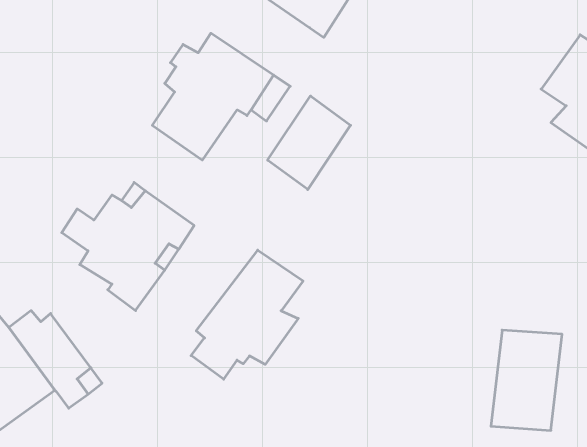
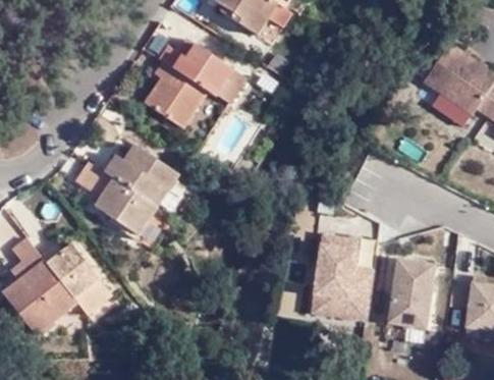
building: [268,96,351,190] -> none
building: [191,250,303,379] -> none
building: none -> [315,233,378,322]

